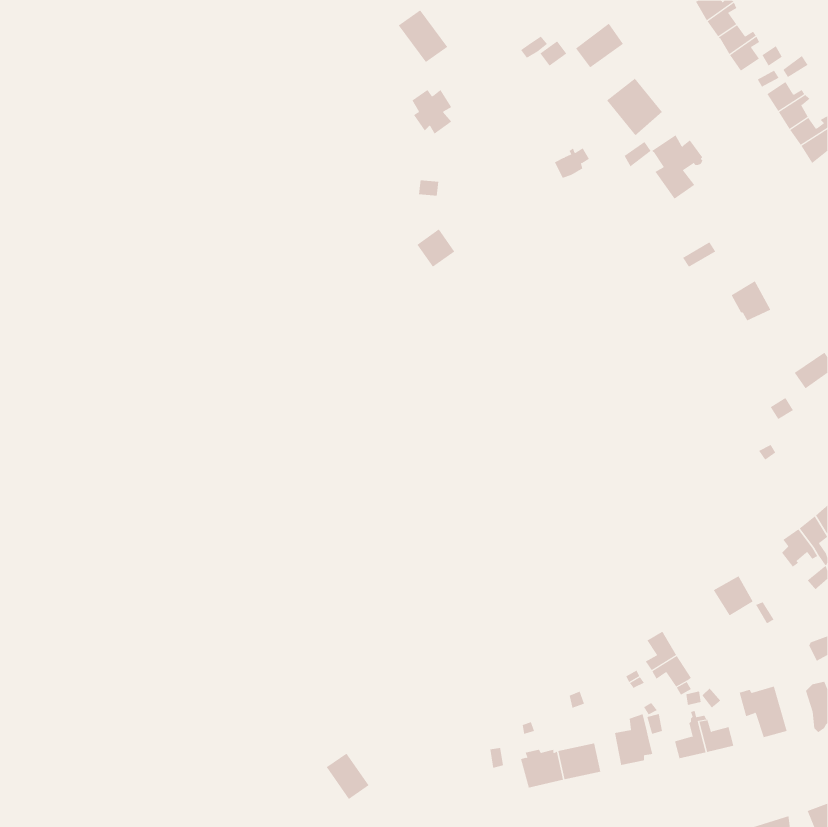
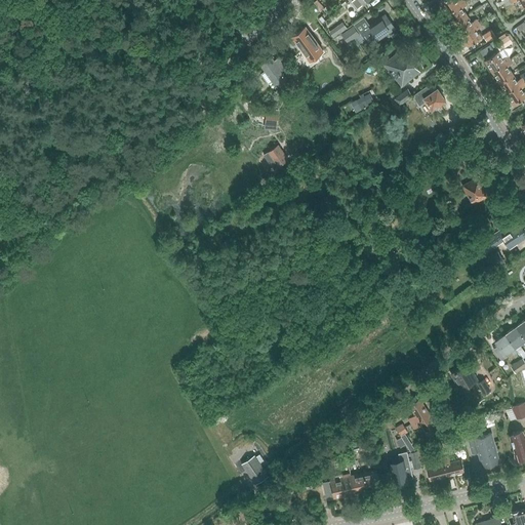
building: [398,9,448,63] -> [291,27,323,60]
building: [326,753,369,800] -> [241,456,269,486]

